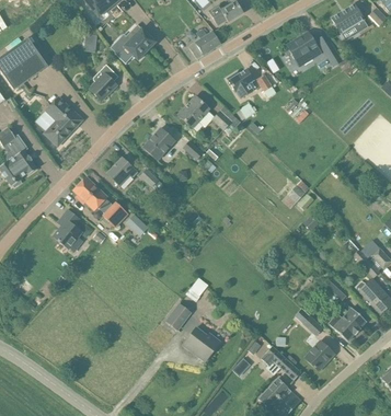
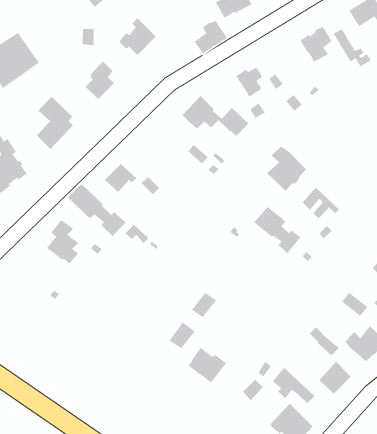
building: [142,127,174,160] -> none
building: none -> [266,145,307,192]
building: none -> [253,206,302,254]

